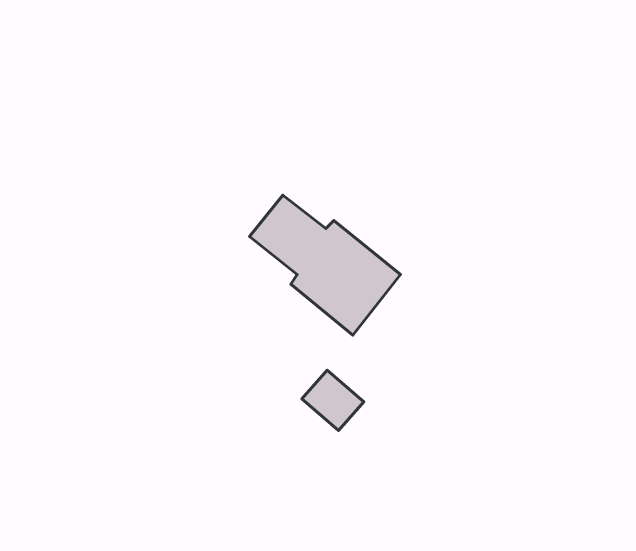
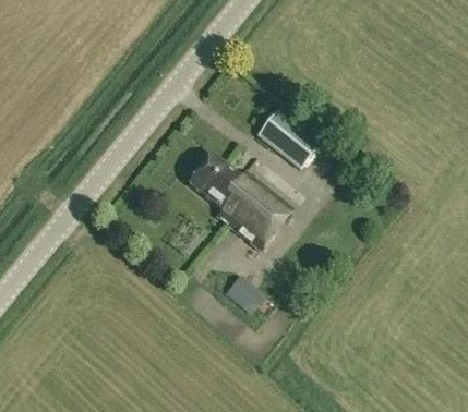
building: none -> [267,119,317,168]

